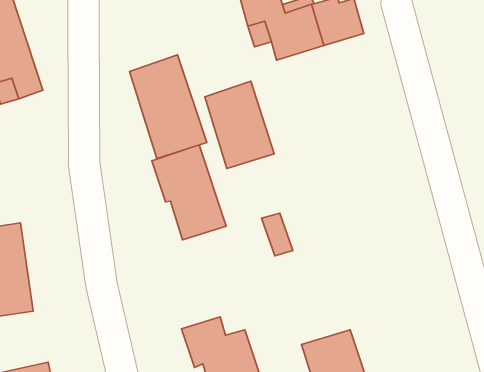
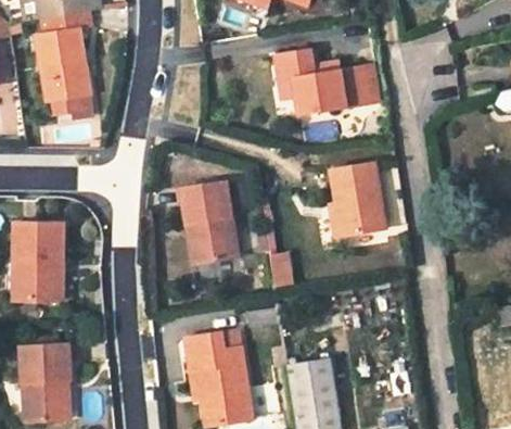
building: [129,55,207,159] -> none
building: [205,81,274,168] -> [330,156,382,228]

